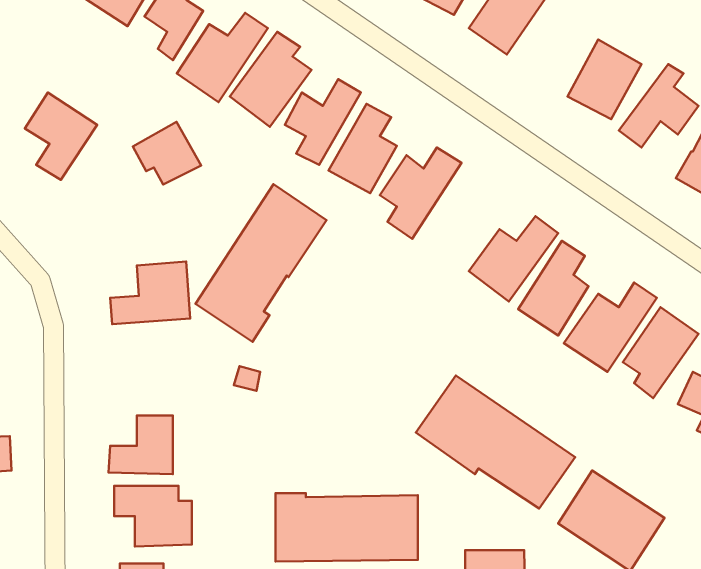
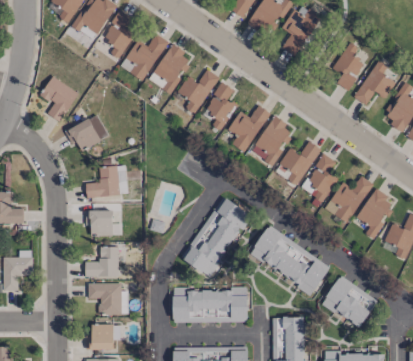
building: [133,122,201,185] -> [66,118,102,151]
building: none -> [251,117,296,165]
building: [196,184,327,342] -> [182,196,251,279]
building: none -> [85,210,122,236]

